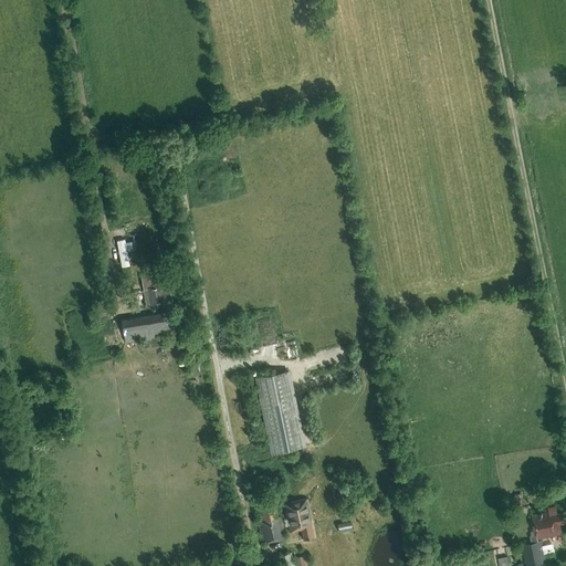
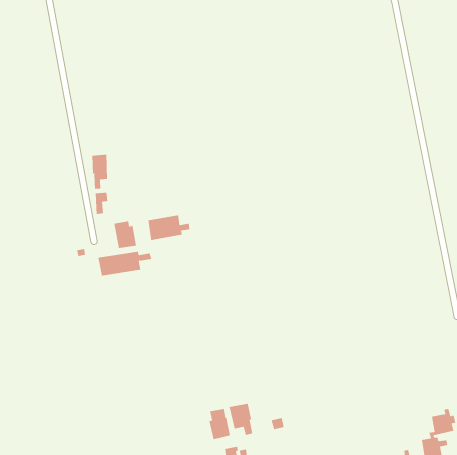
building: none -> [92,154,107,189]
building: none -> [148,214,190,241]
building: [255,374,305,455] -> none

